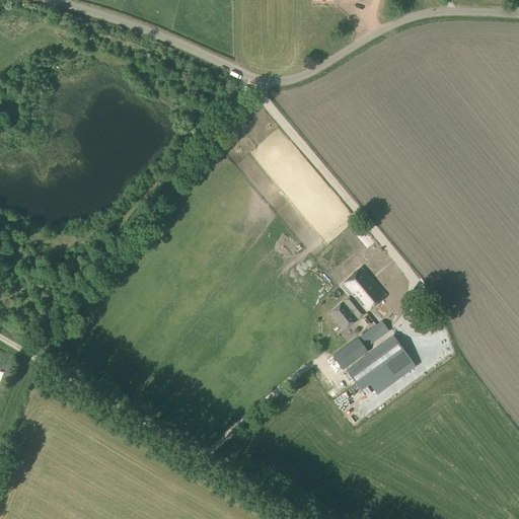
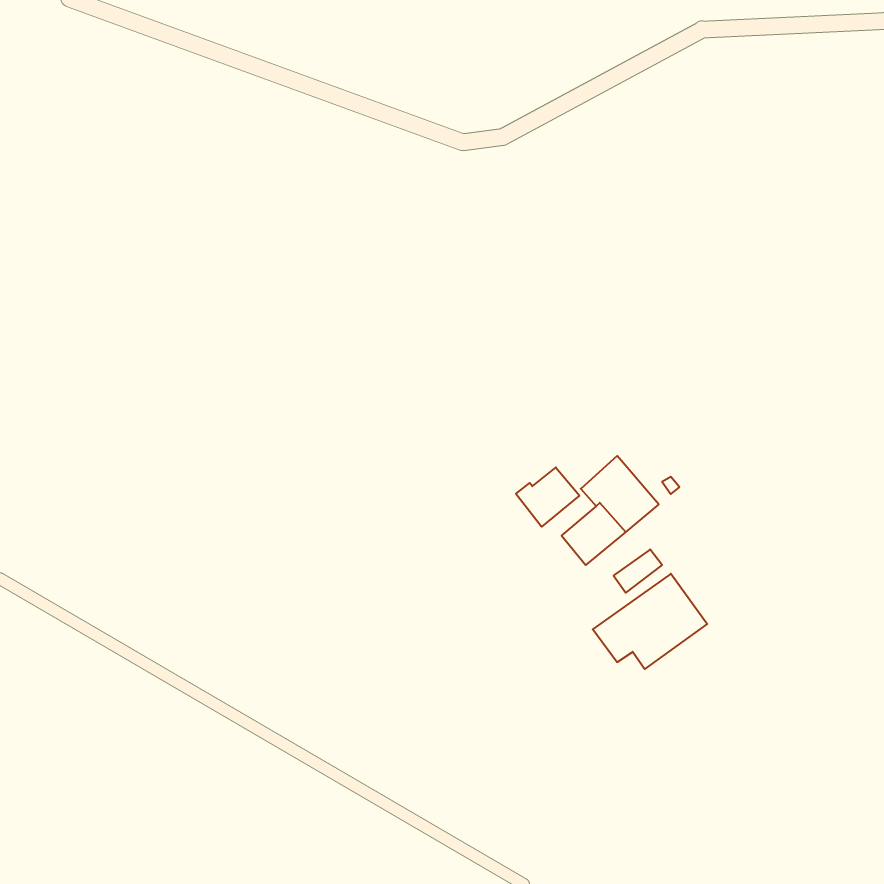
building: none -> [516,467,579,527]
building: [333,338,367,368] -> none

